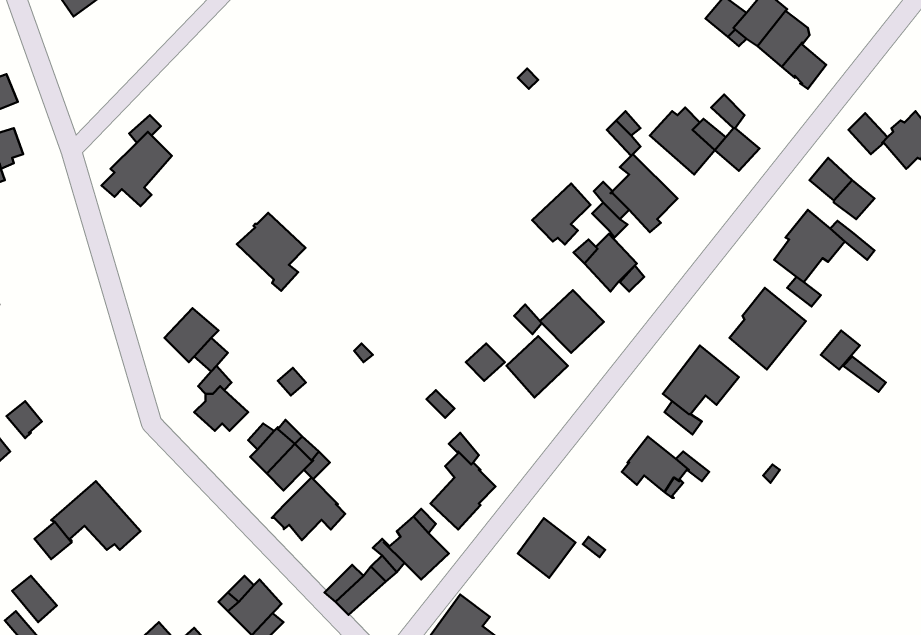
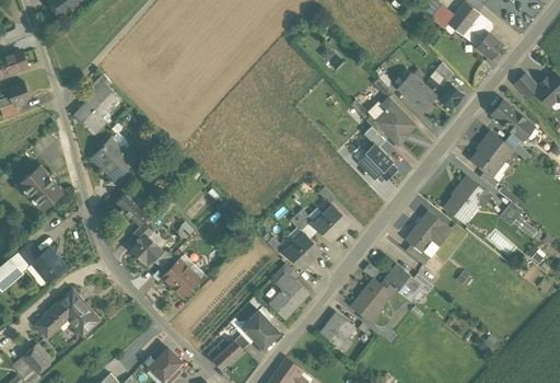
building: [532,184,590,244] -> none
building: [237,213,305,291] -> [92,139,132,185]
building: none -> [20,167,60,209]
building: [540,290,604,353] -> none
building: none -> [283,233,319,269]
building: none -> [32,248,63,281]
building: none -> [351,280,389,323]
building: [272,477,345,540] -> none

